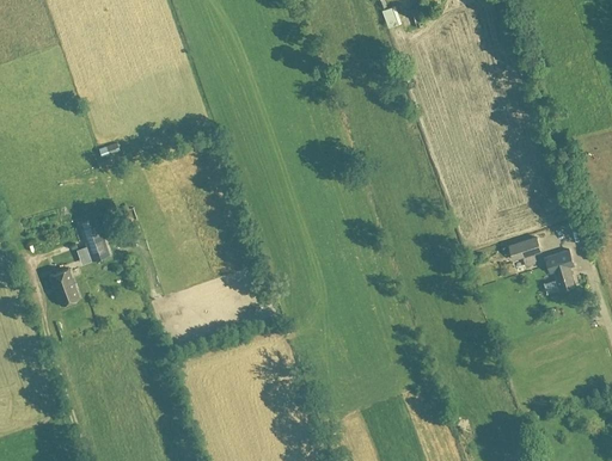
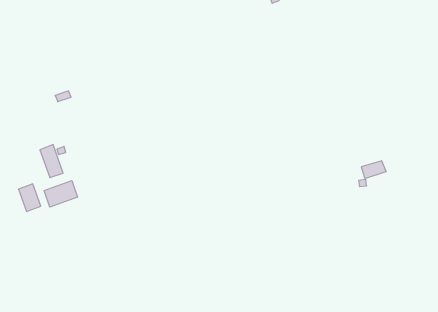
building: [544,250,574,291] -> none
building: none -> [44,181,77,207]

